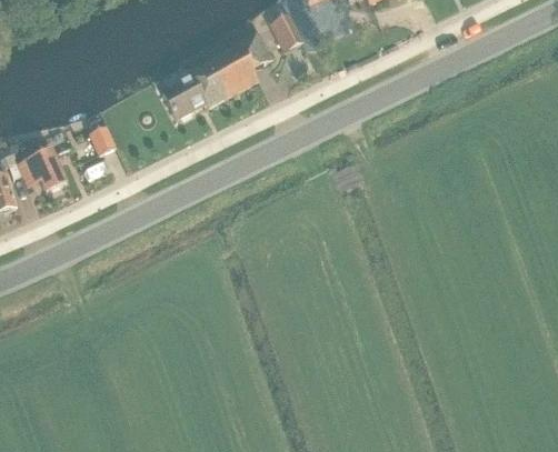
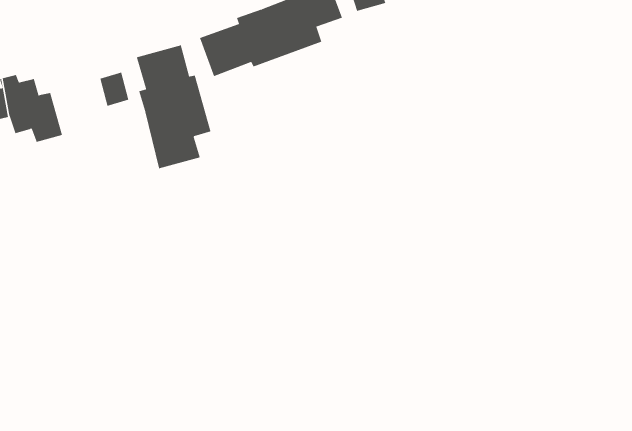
building: none -> [136,44,211,169]

